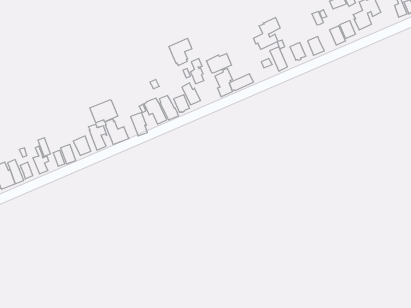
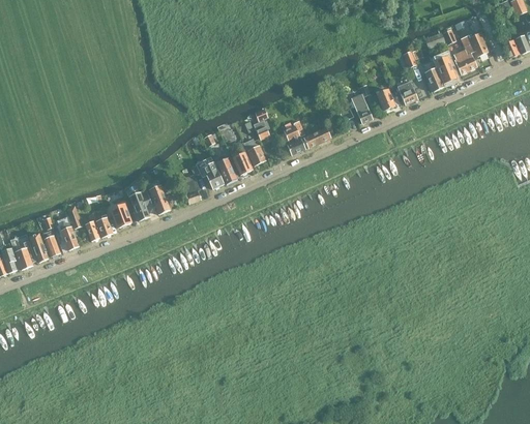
building: [254,17,280,49] -> none
building: [169,38,192,66] -> none
building: [206,53,232,73] -> none
building: [90,100,118,123] -> none

